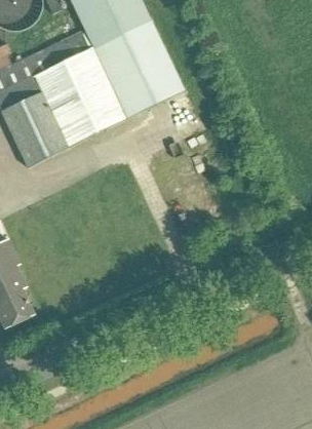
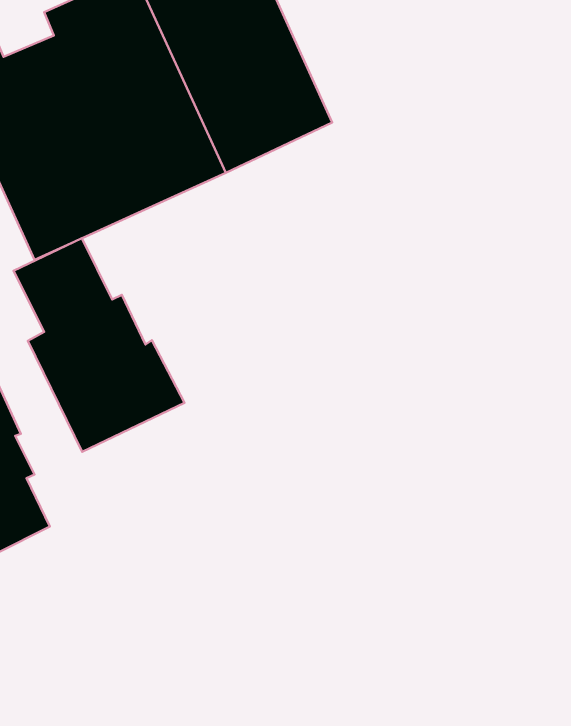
building: none -> [14,238,184,452]

